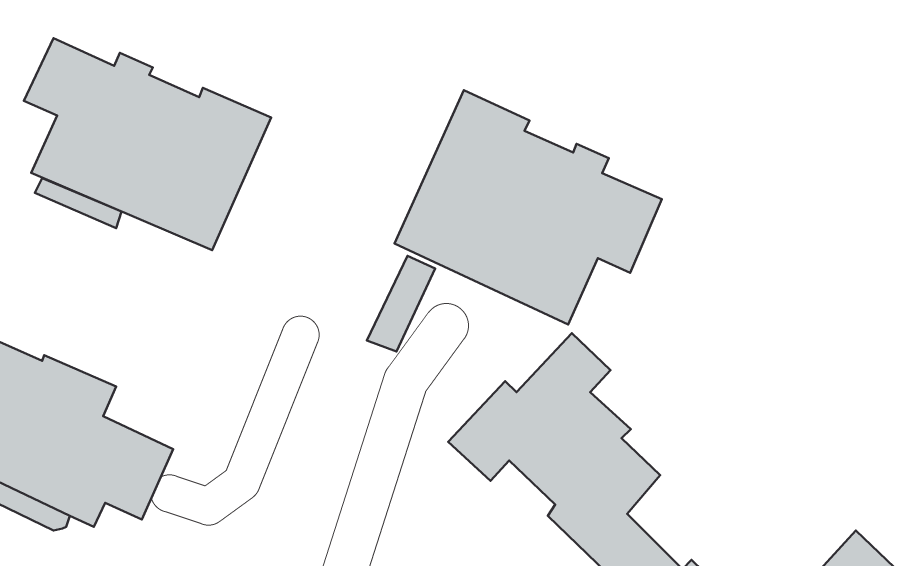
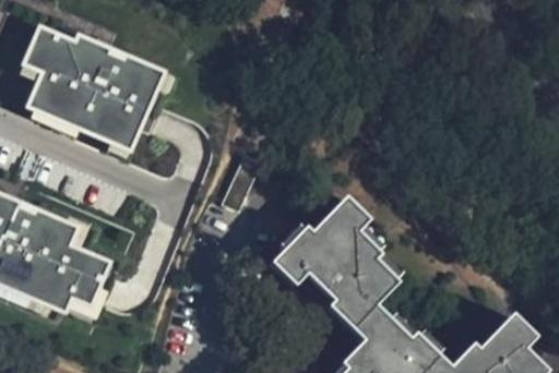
building: [394,90,662,325] -> none

